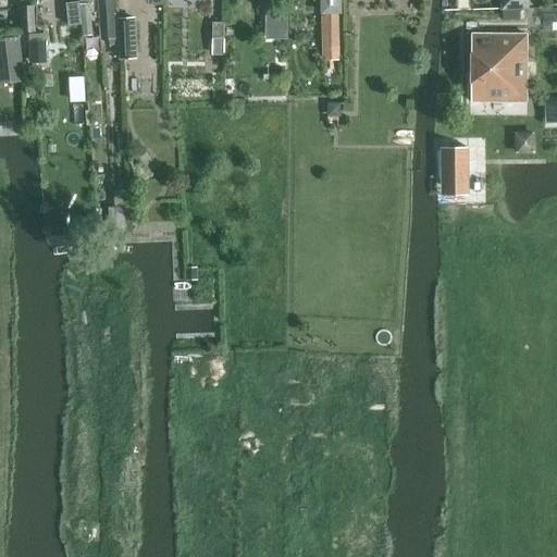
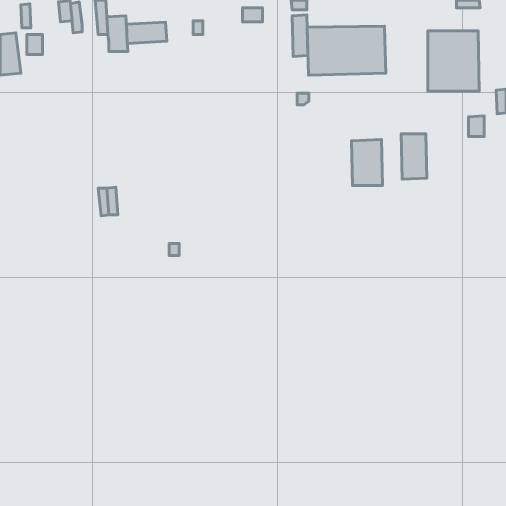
building: none -> [127,22,167,43]
building: none -> [307,26,386,75]
building: none -> [351,140,383,186]

